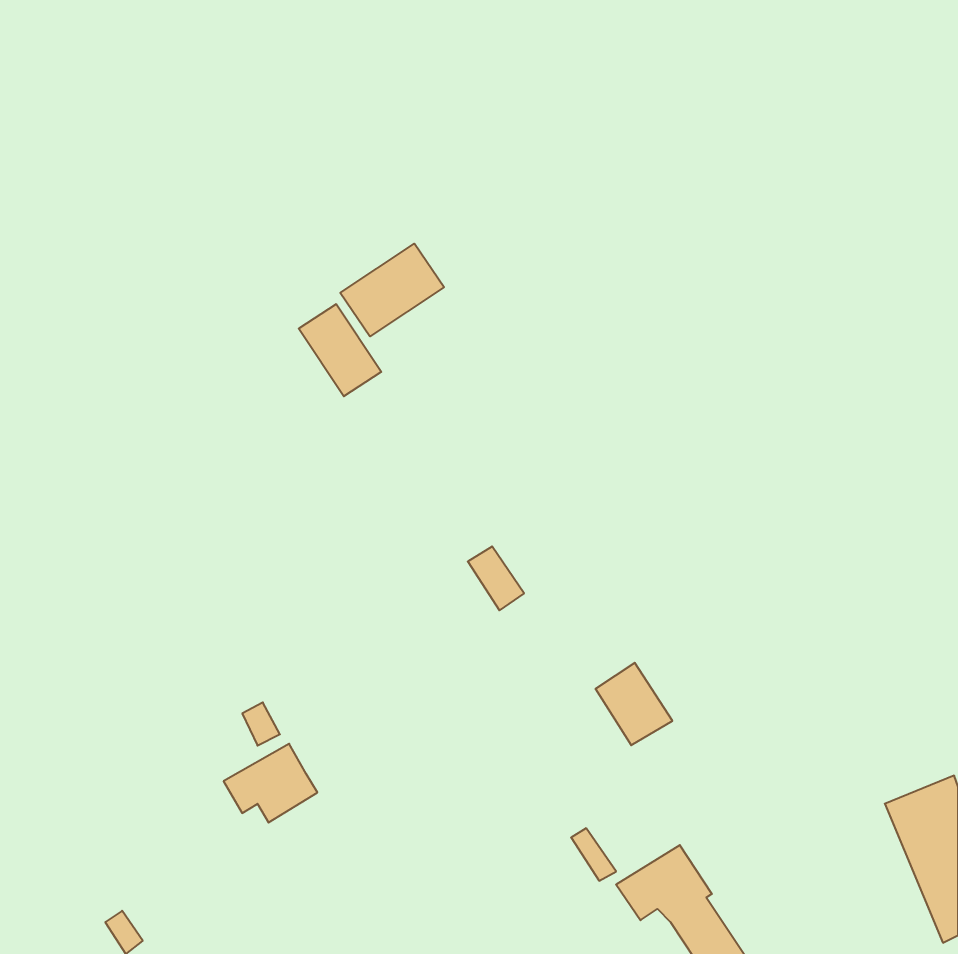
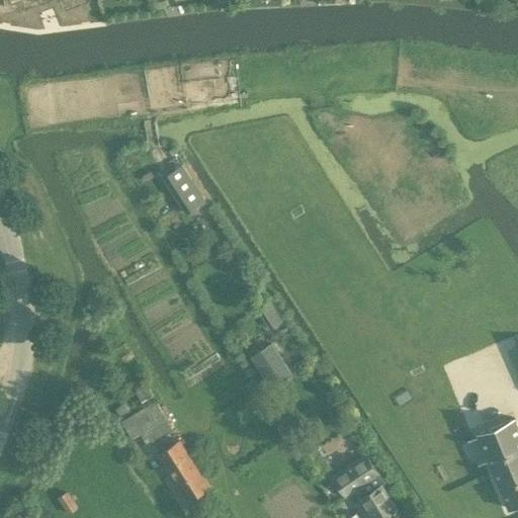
building: [340,244,444,336] -> none
building: [595,663,672,745] -> [250,345,291,390]
building: none -> [159,443,208,502]

